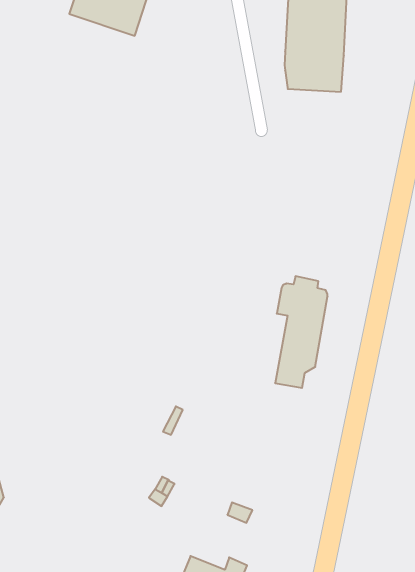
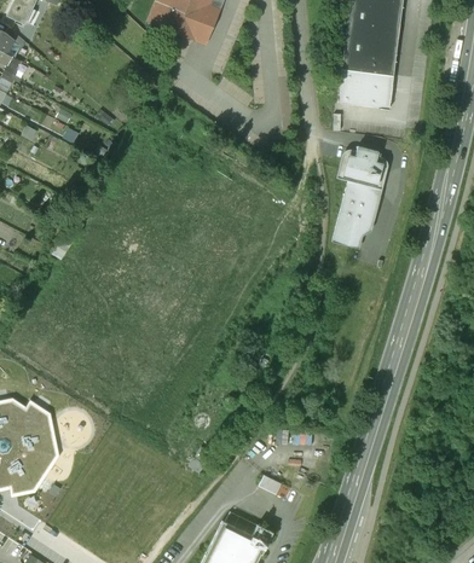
building: [275,276,328,388] -> [333,146,386,248]

